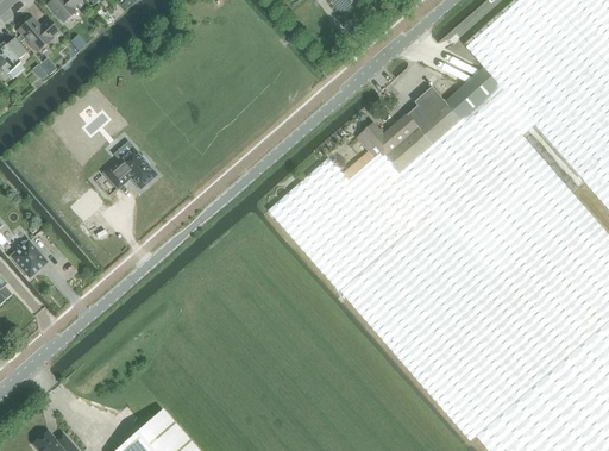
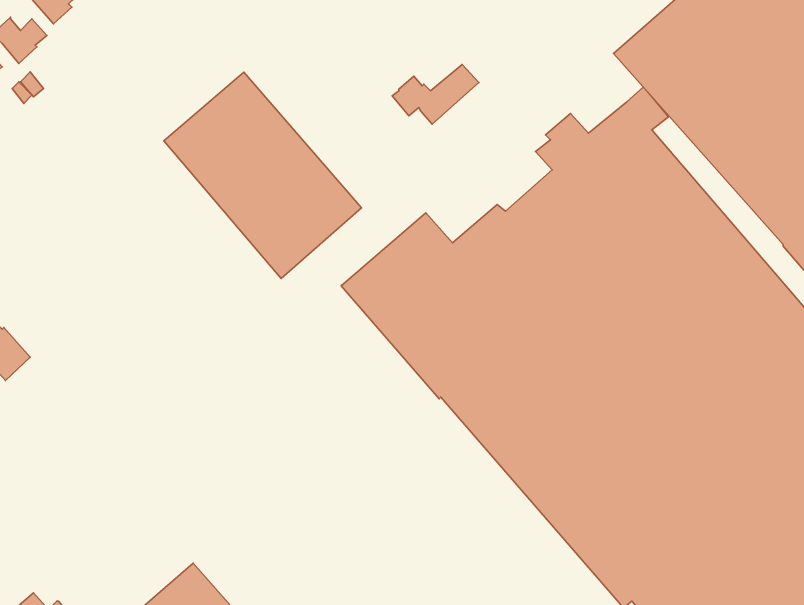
building: none -> [164,72,362,278]
building: [358,114,420,157] -> [392,64,479,124]
building: [103,148,156,189] -> none

